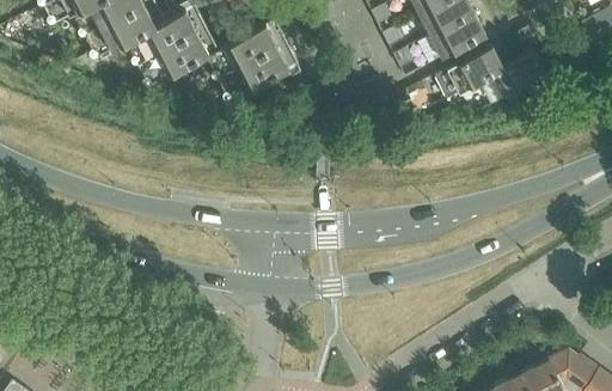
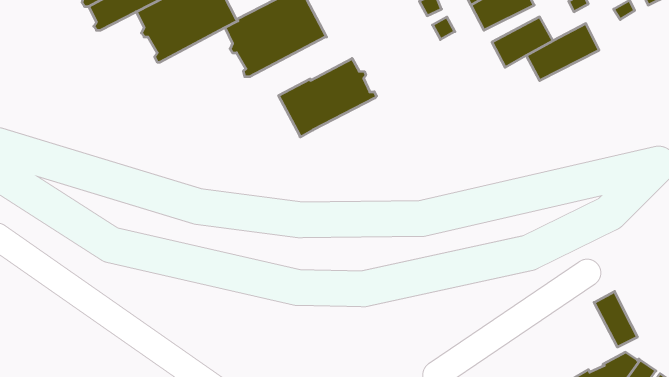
building: none -> [279,58,377,137]
building: none -> [594,291,637,347]

